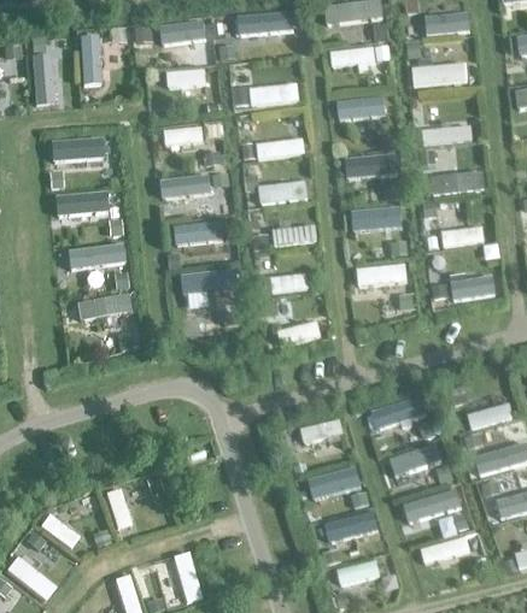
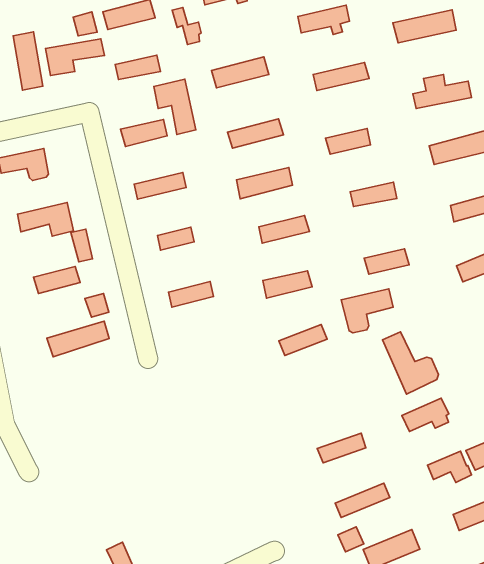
building: none -> [45,39,104,75]
building: none -> [154,79,196,135]
building: none -> [341,289,393,333]
building: none -> [383,332,438,394]

